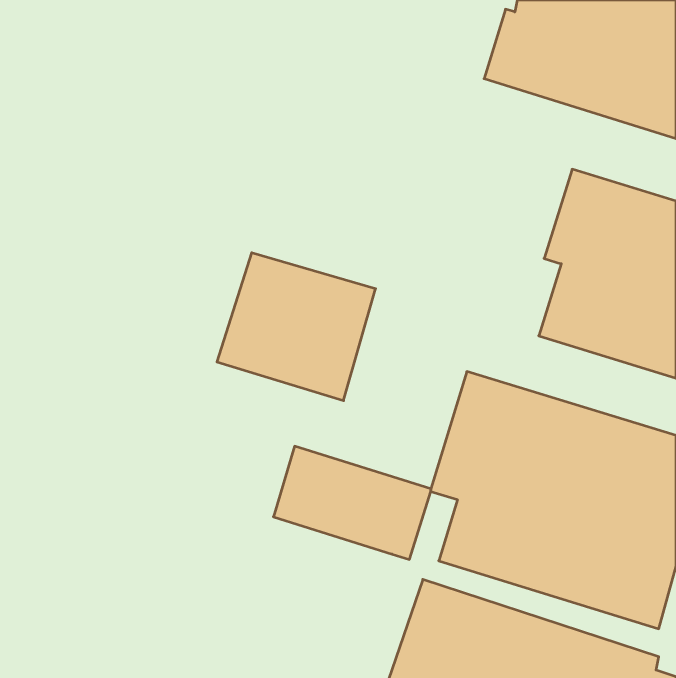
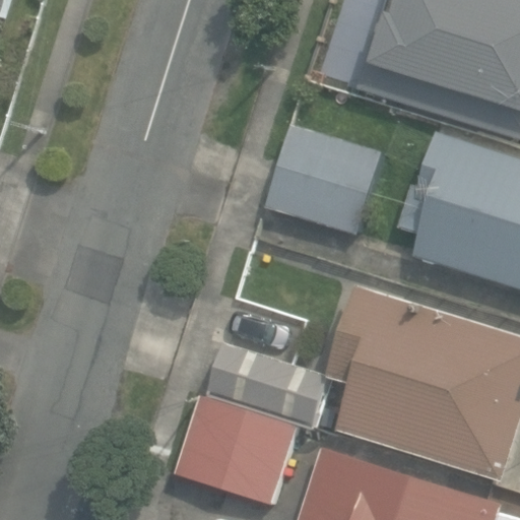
building: [217,253,376,401] -> [264,124,385,237]
building: none -> [174,393,299,505]

